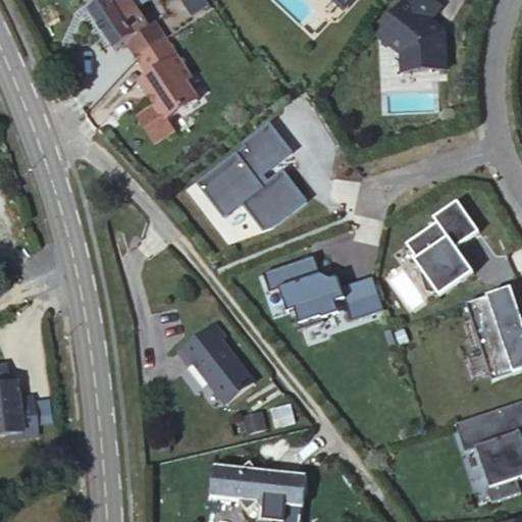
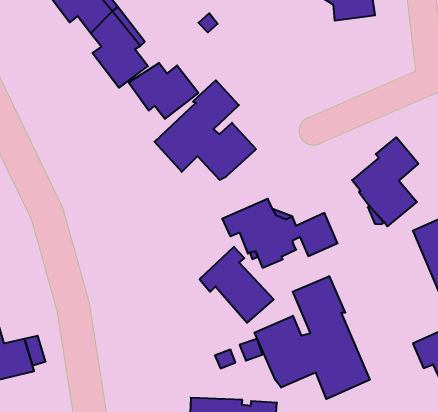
building: none -> [128,63,198,119]
building: [176,316,254,399] -> [200,247,274,323]
building: none -> [254,276,370,399]

